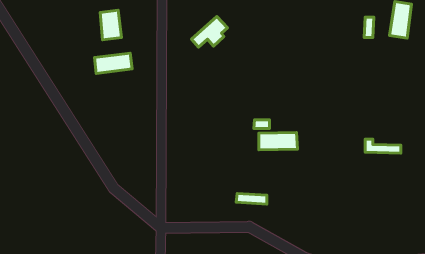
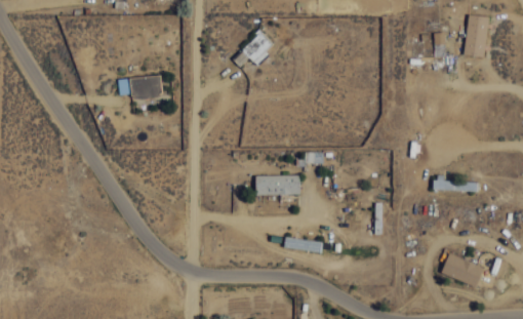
building: [100,10,122,40] -> none
building: [259,132,297,150] -> [255,174,300,195]
building: none -> [441,253,483,285]

